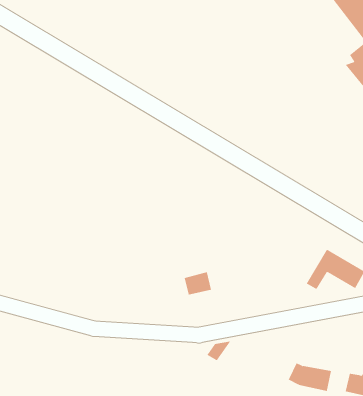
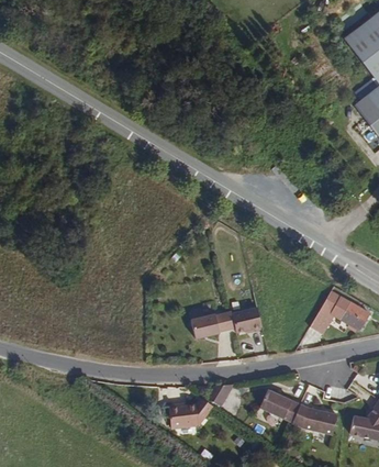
building: none -> [230,305,260,330]
building: none -> [261,391,302,422]
building: none -> [170,398,215,430]

